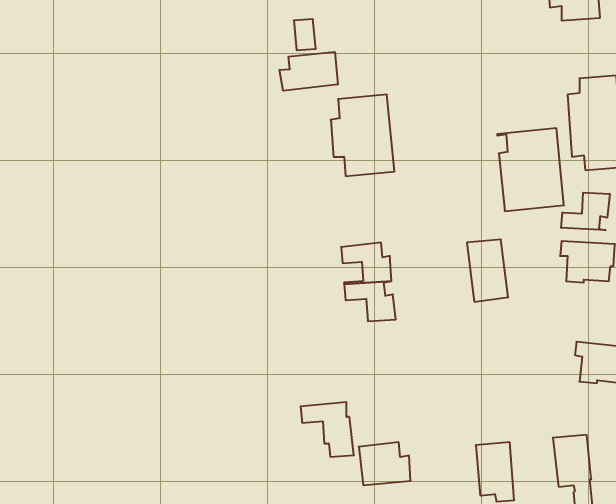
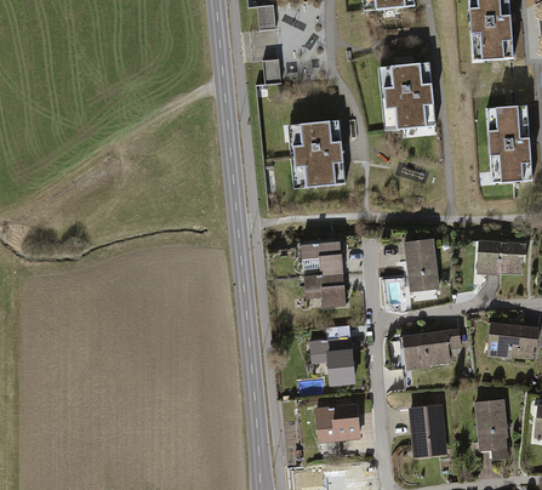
building: [280,52,338,91] -> none
building: [497,128,564,211] -> [381,62,435,130]
building: [561,193,610,230] -> none
building: none -> [405,329,460,368]
building: [301,402,354,457] -> [309,337,353,382]

